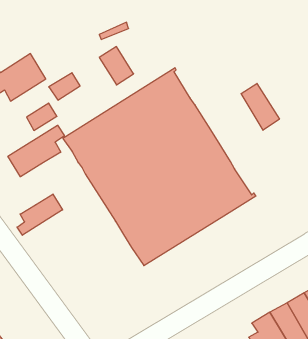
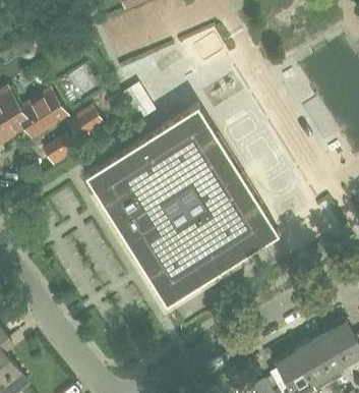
building: [241,83,279,130] -> none
building: [8,125,64,177] -> none
building: [17,194,63,235] -> none

